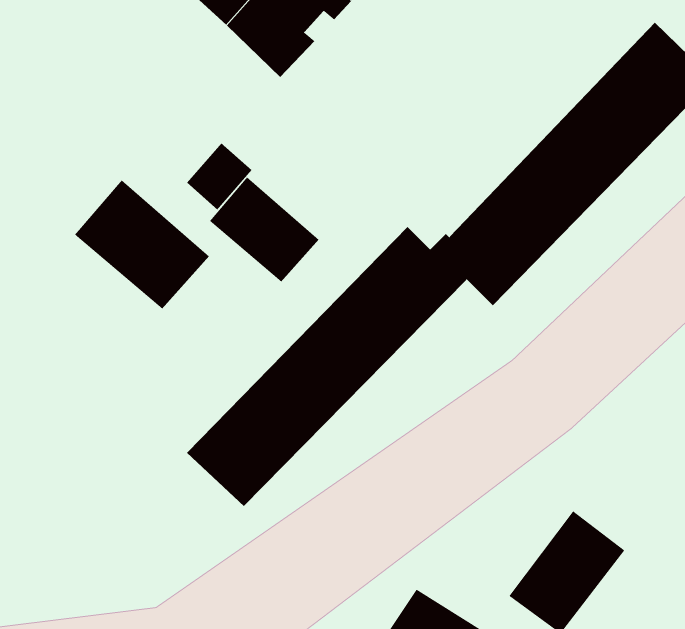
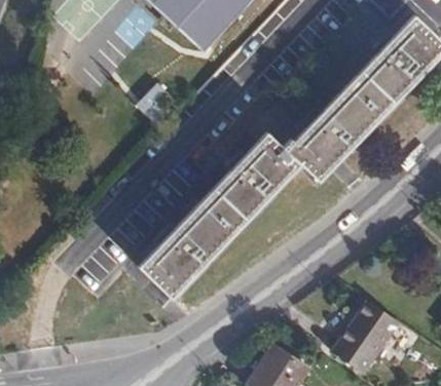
building: [209,177,320,283] -> none
building: [74,179,210,310] -> none

